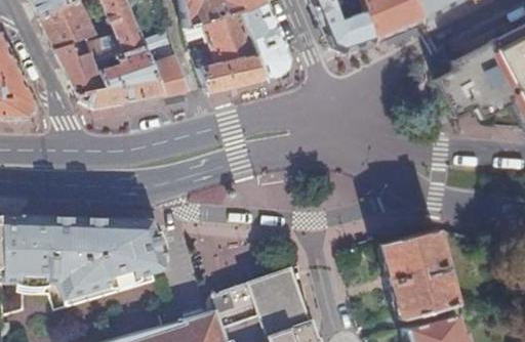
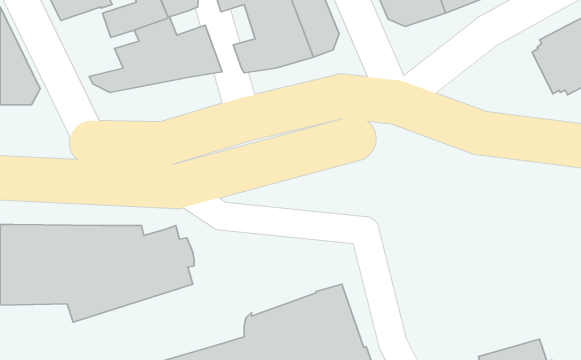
building: [54,36,107,94] -> none
building: [382,229,458,318] -> none

